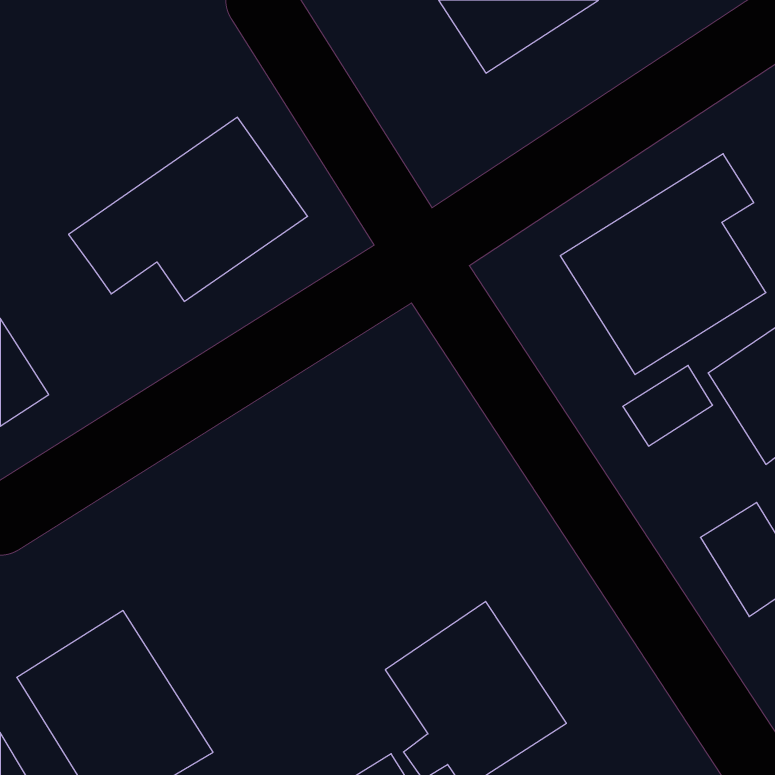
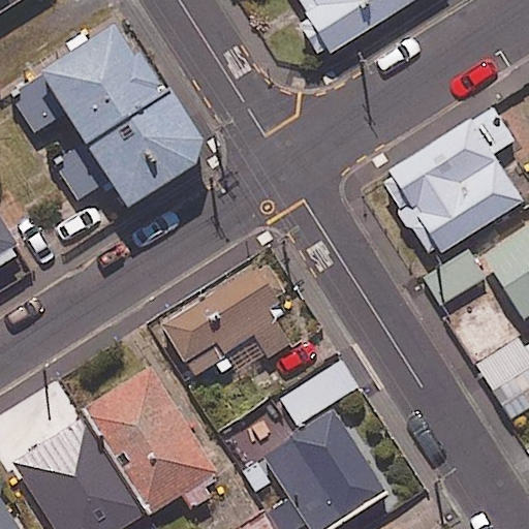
building: none -> [7,13,163,137]
building: none -> [160,261,290,380]
building: none -> [82,365,226,512]

